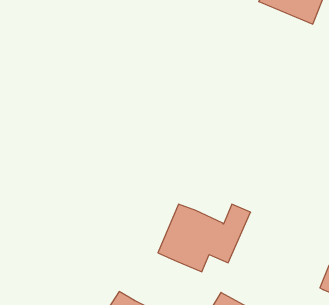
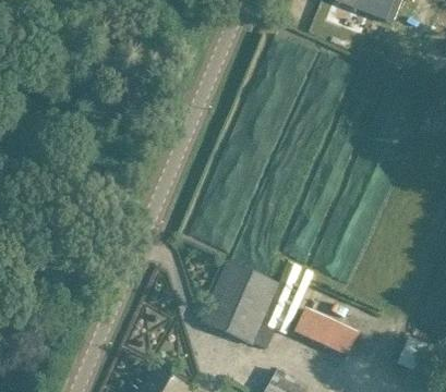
building: none -> [292,306,355,355]

